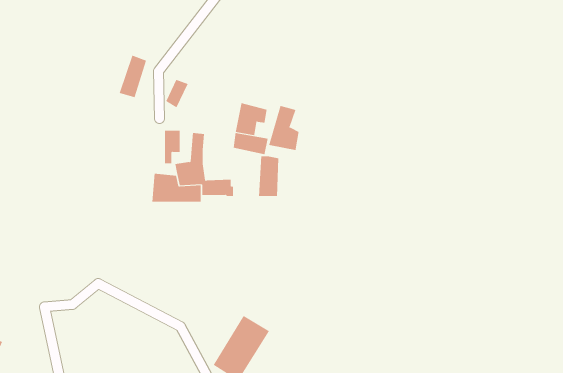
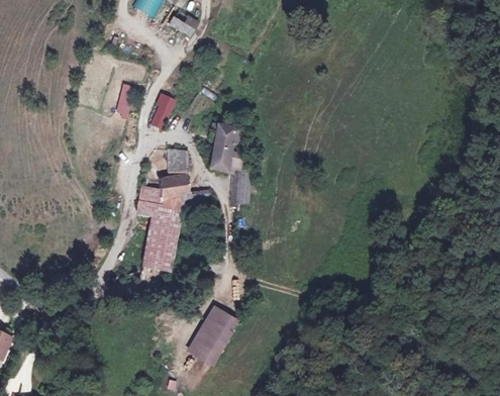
building: [268,105,299,151] -> none
building: none -> [137,211,181,265]

